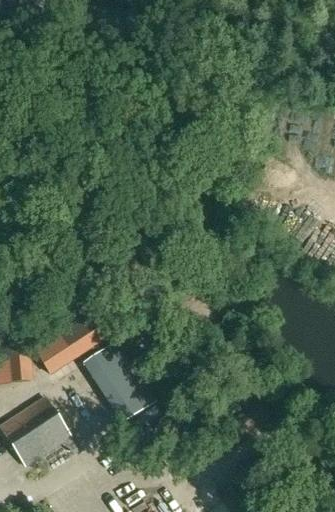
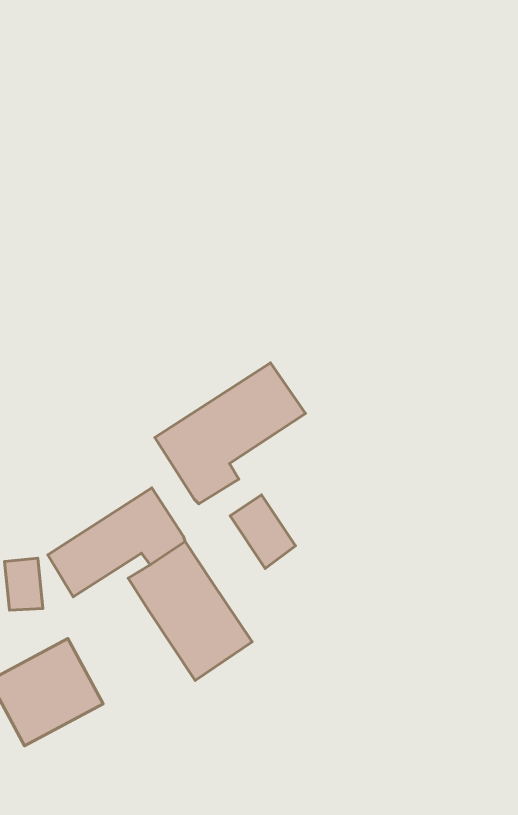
building: none -> [155,363,305,504]
building: none -> [230,495,295,569]

